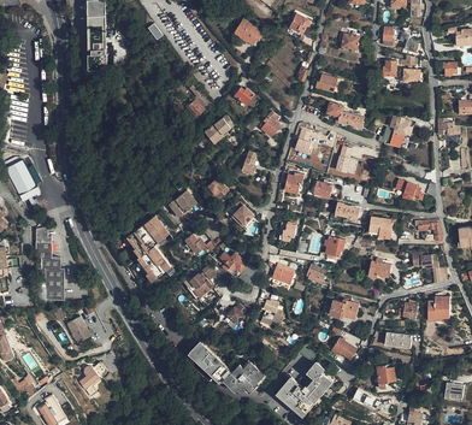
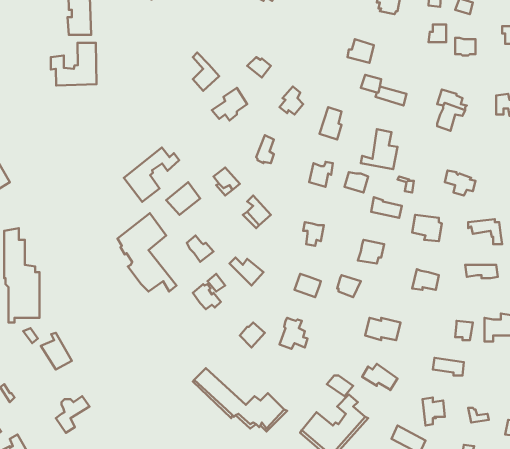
building: none -> [51,43,97,85]
building: none -> [124,147,179,202]

